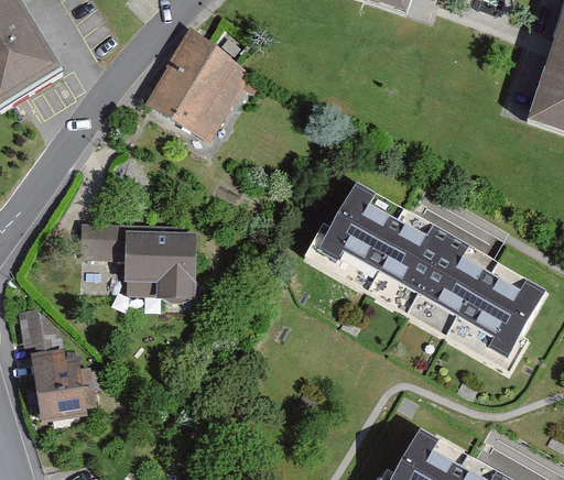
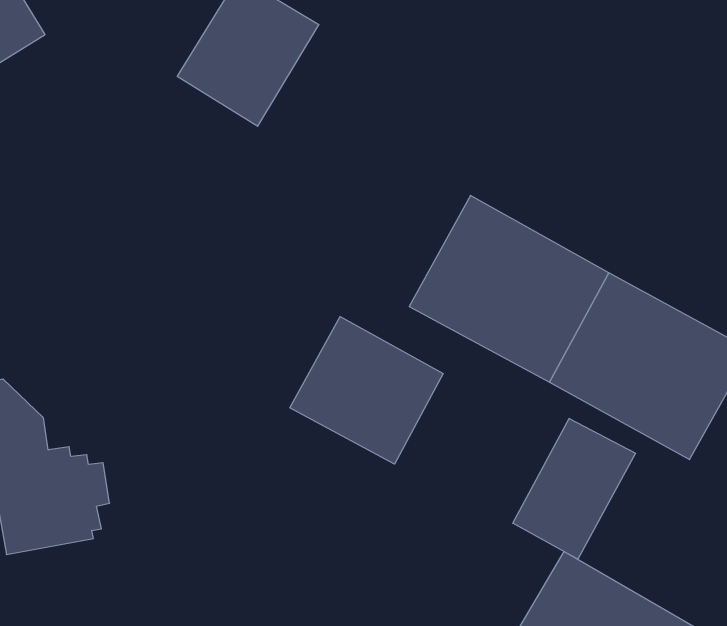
building: [79,227,196,299] -> none
building: none -> [290,317,443,464]
building: none -> [513,418,636,559]

